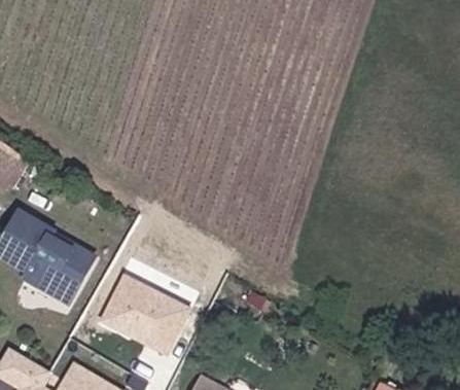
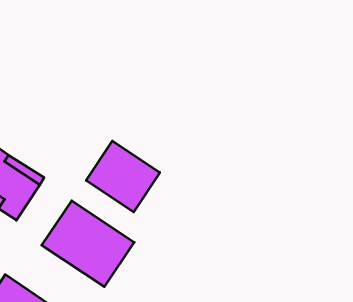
building: none -> [86,141,160,212]

